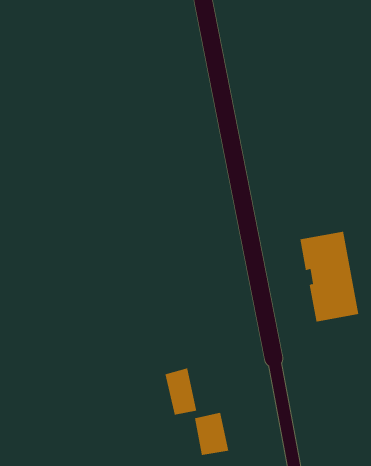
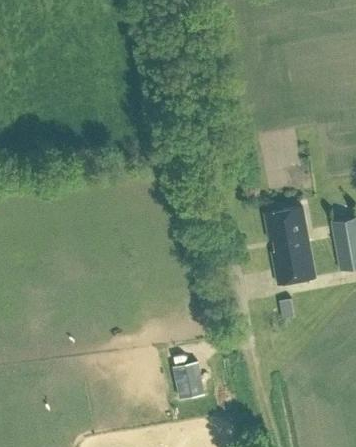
building: [165,367,197,416] -> none

